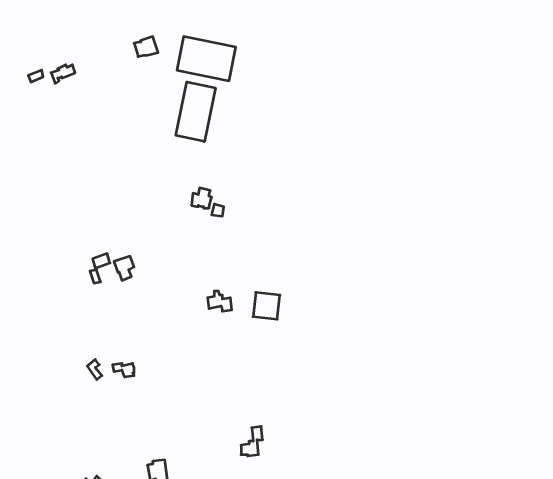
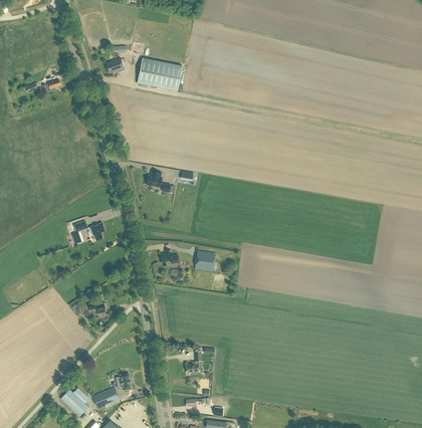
building: [176,82,215,142] -> none

